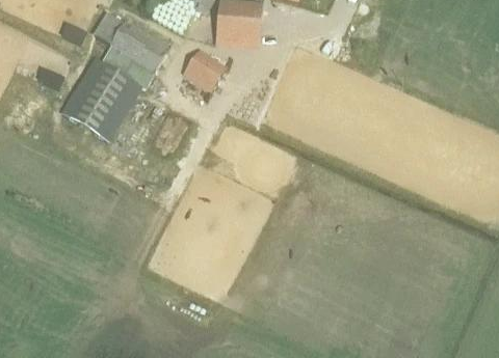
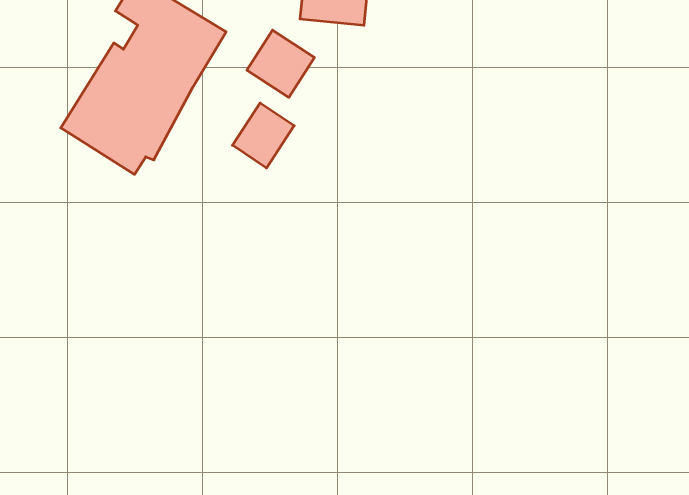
building: none -> [232,103,294,168]

